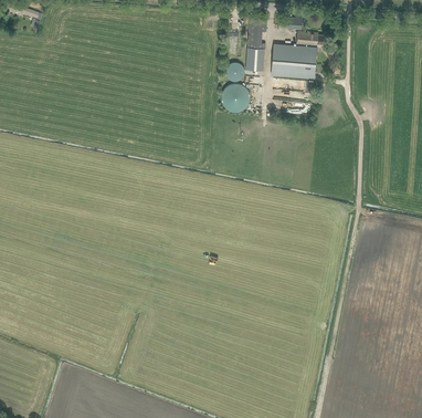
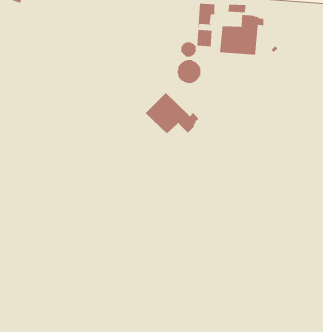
building: none -> [145,92,199,134]

